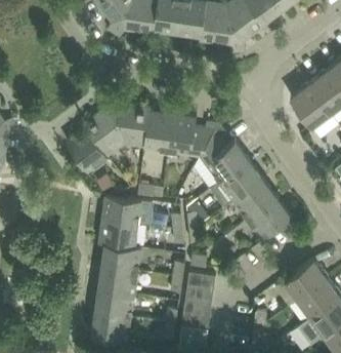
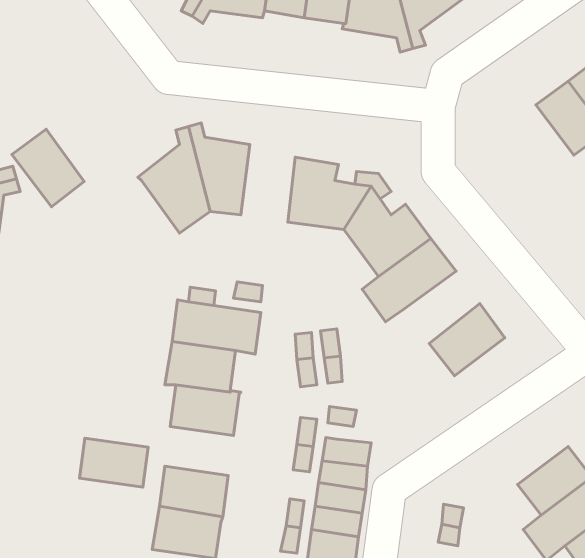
building: [290,84,330,127] -> none
building: [141,107,172,151] -> none
building: [66,127,106,171] -> [12,129,84,207]
building: [233,179,276,220] -> none
building: [284,260,327,300] -> none
building: [98,267,137,295] -> [79,438,148,487]

